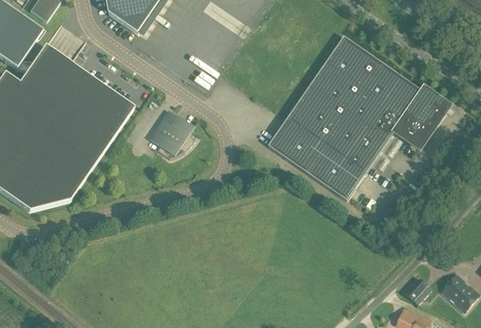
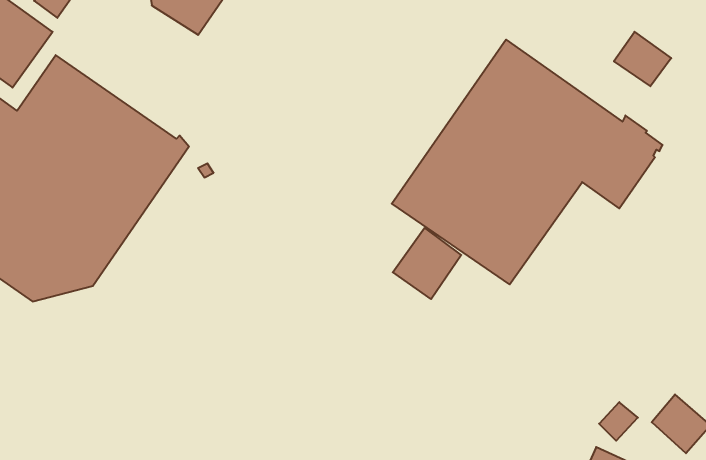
building: none -> [614,32,671,86]
building: [151,111,196,158] -> none
building: none -> [393,228,461,299]

